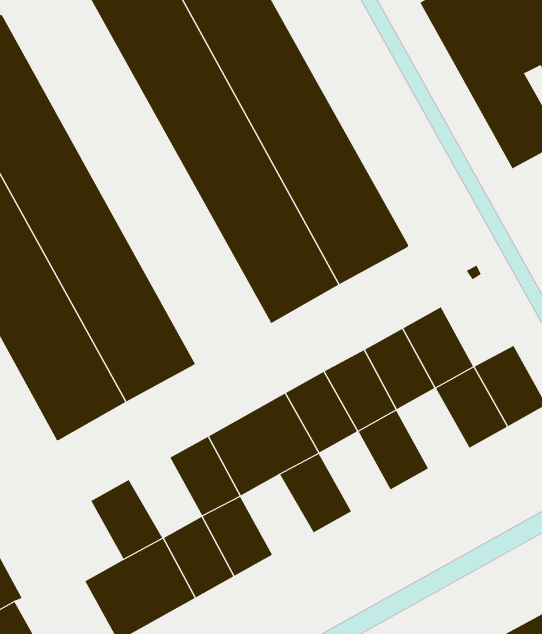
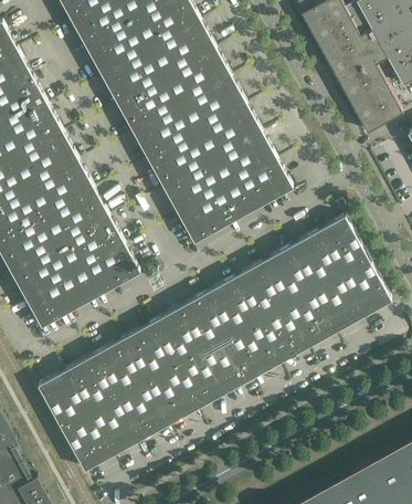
building: none -> [316,217,368,274]
building: none -> [284,290,336,347]
building: none -> [229,321,279,378]
building: none -> [93,339,145,397]
building: none -> [172,351,224,409]
building: none -> [38,370,88,428]

